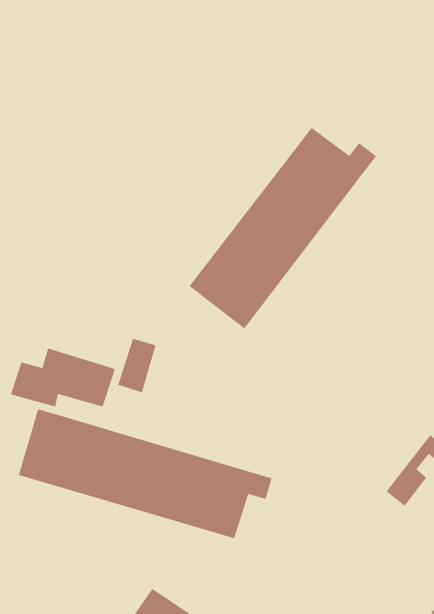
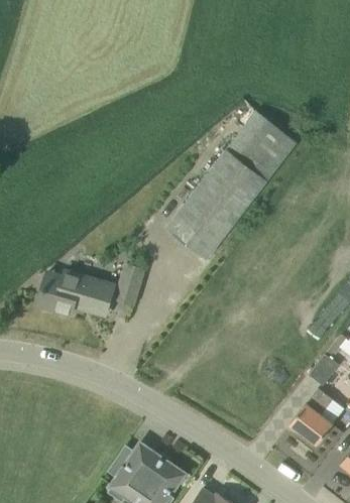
building: [18,408,273,539] -> none
building: none -> [290,388,333,445]

